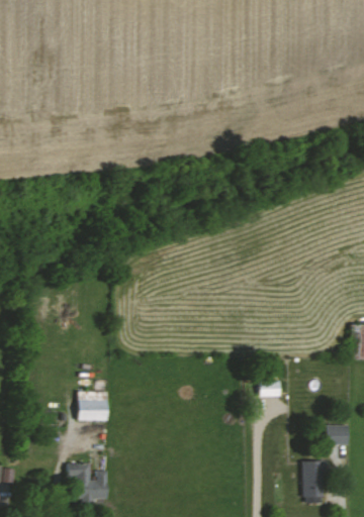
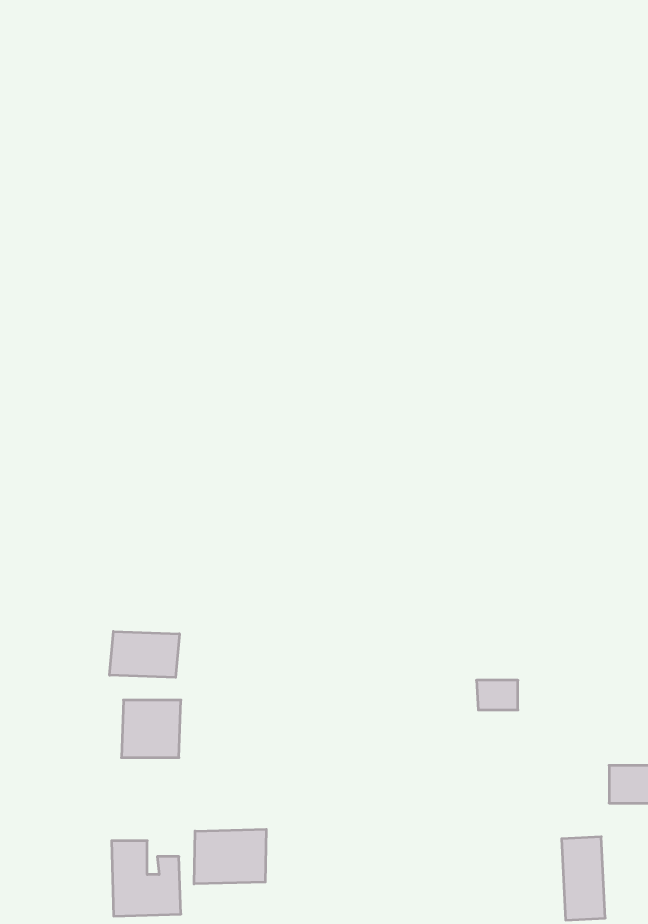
building: none -> [110,631,179,677]
building: none -> [194,829,266,884]

